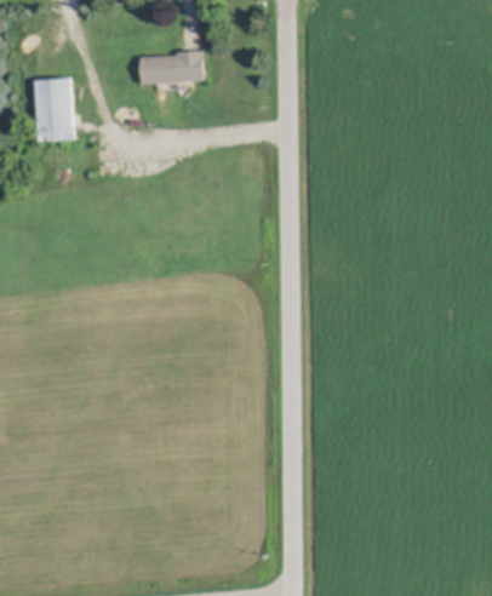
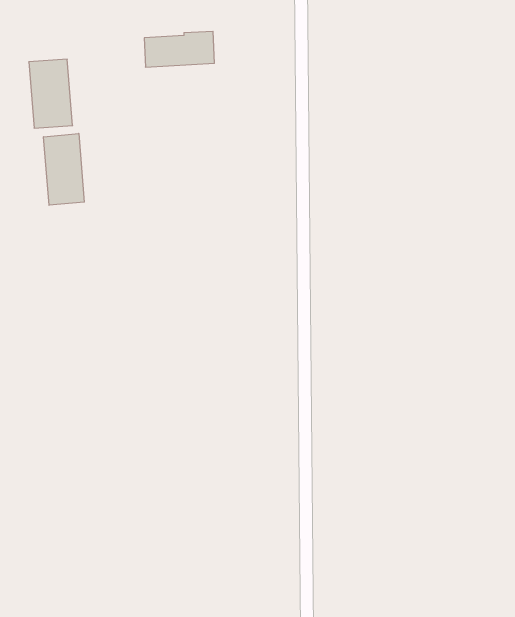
building: none -> [44,133,84,205]

